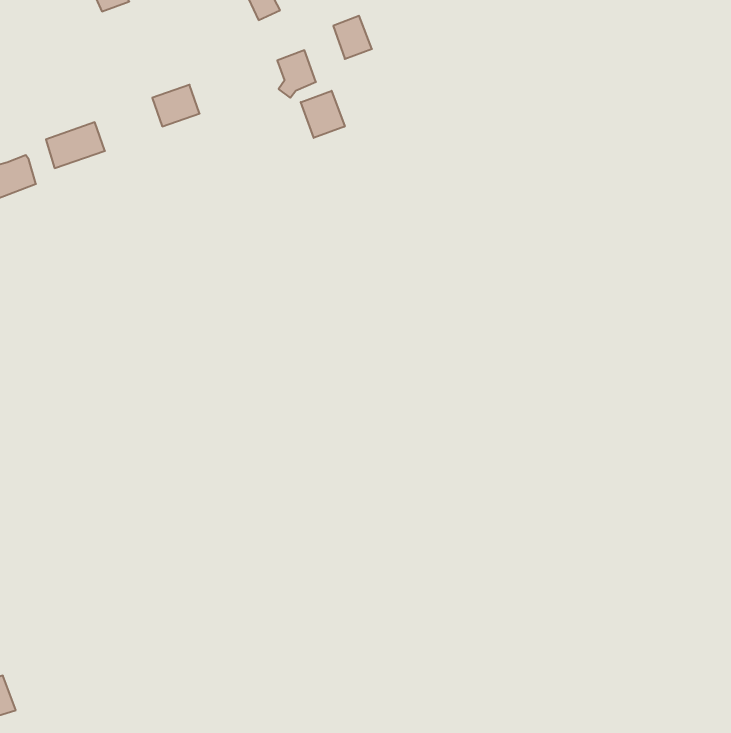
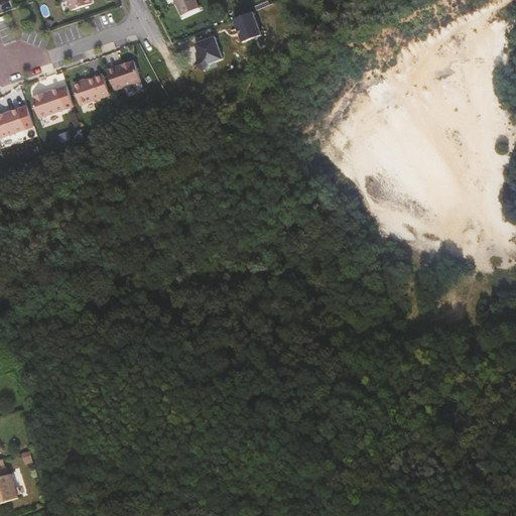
building: [301,91,345,138] -> none
building: none -> [73,74,110,105]

